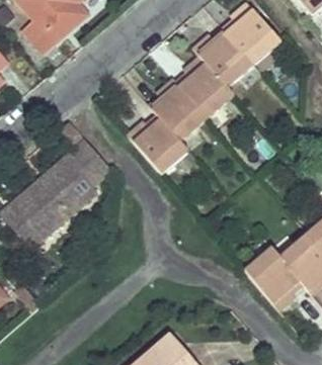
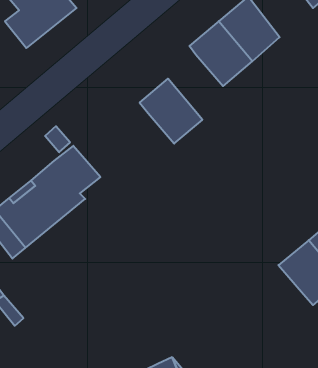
building: [175,59,235,119] -> none
building: [129,113,188,173] -> none
building: [242,246,302,306] -> none

